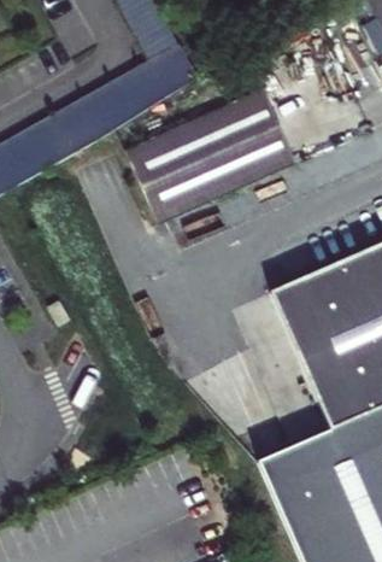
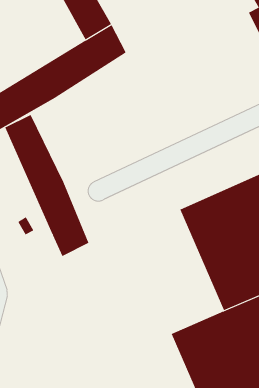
building: [124,87,296,223] -> none
building: none -> [5,114,89,257]

